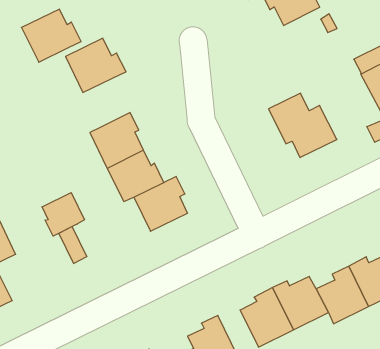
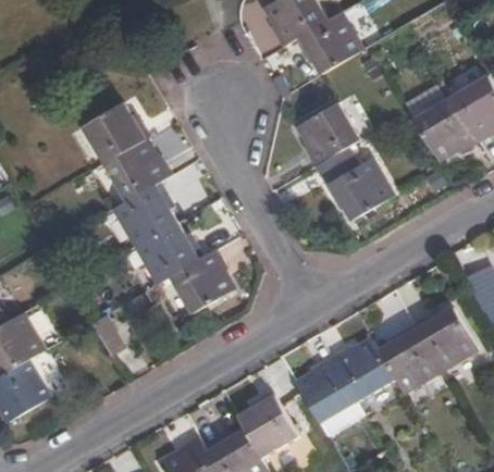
building: [21,9,81,62] -> [108,139,174,199]
building: none -> [297,103,356,165]
building: [42,193,84,236] -> none

